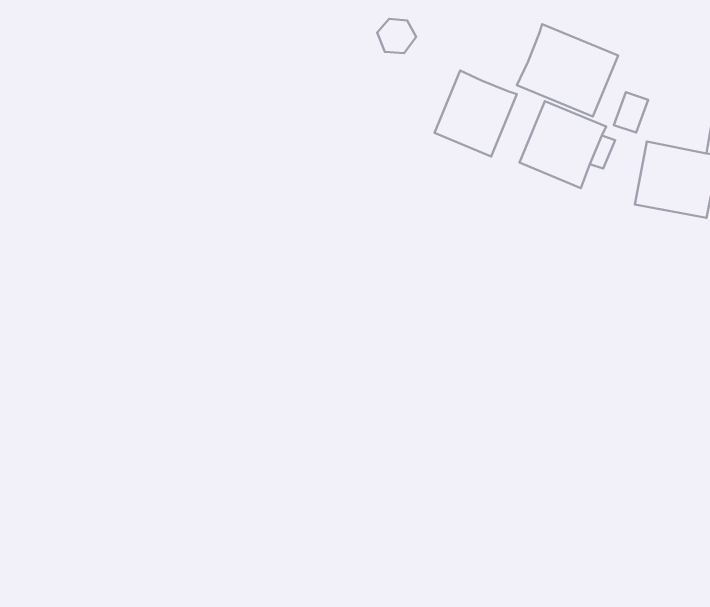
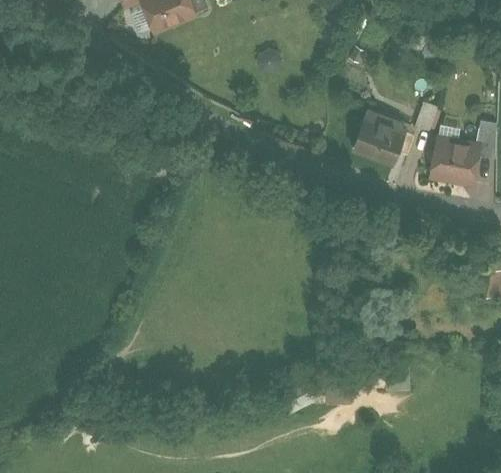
building: [517,24,618,117] -> none
building: [434,71,517,156] -> none

